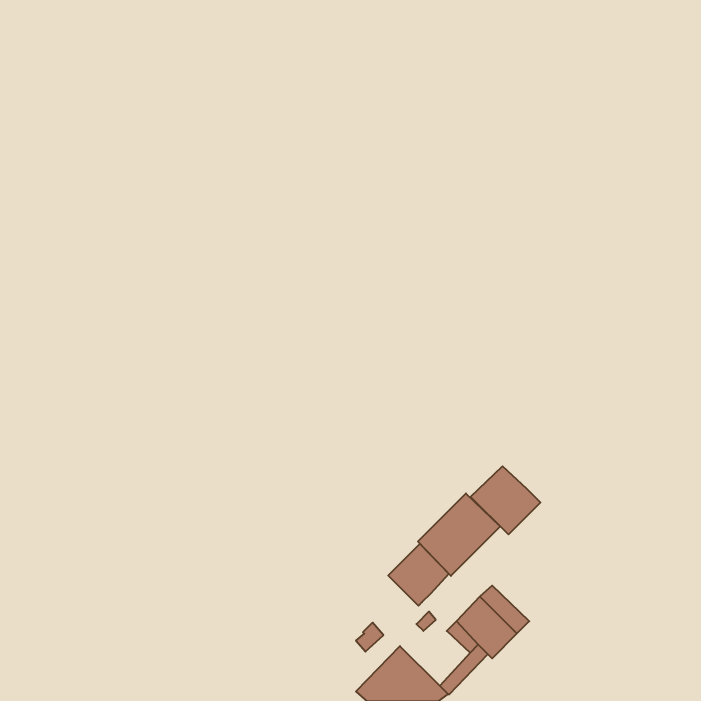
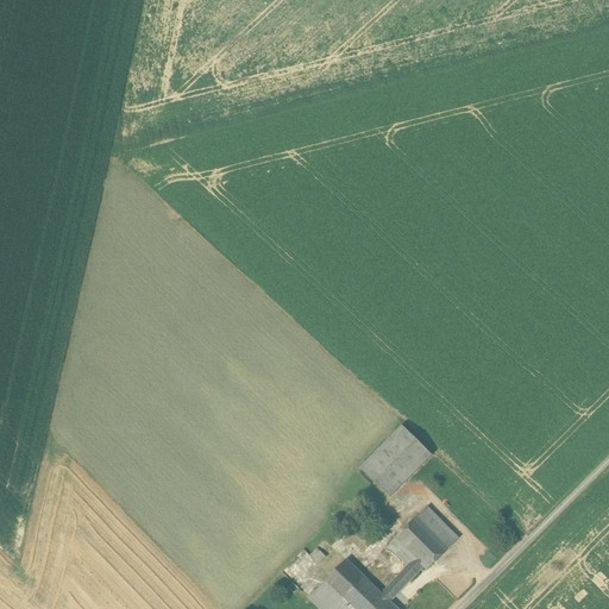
building: [471,466,540,534] -> none
building: [388,544,449,606] -> none

